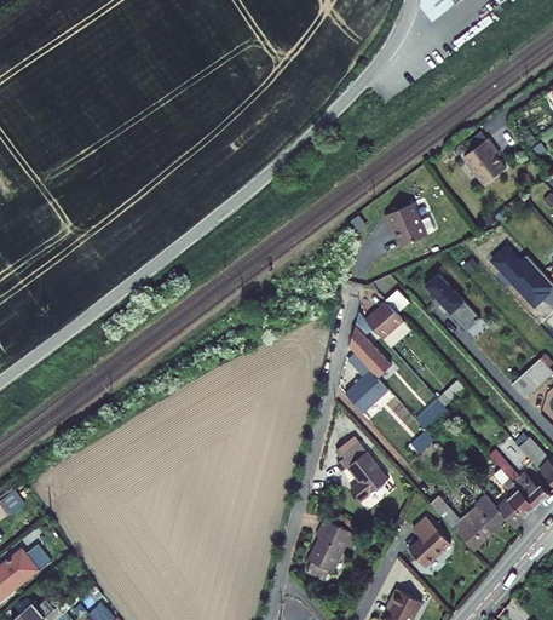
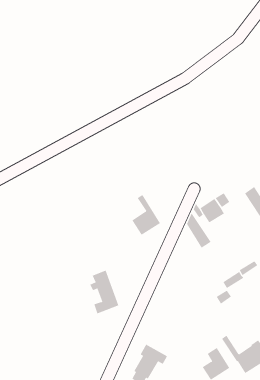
building: [380,211,422,254] -> none
building: [345,350,388,411] -> [131,194,161,236]
building: [336,444,385,511] -> [89,270,119,314]

